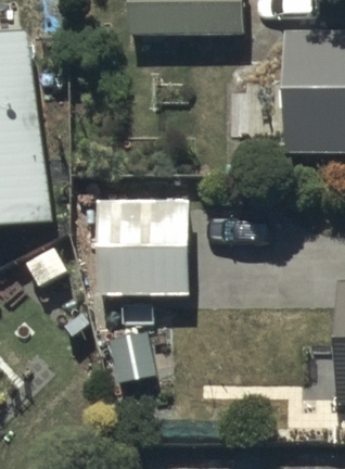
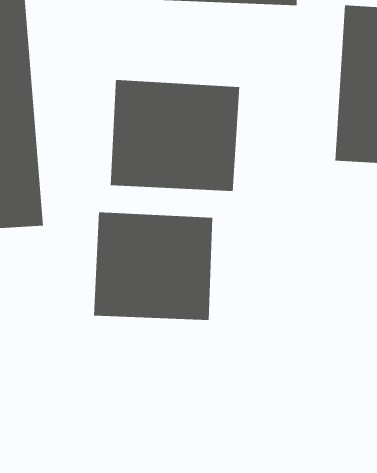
building: none -> [110,79,240,192]

